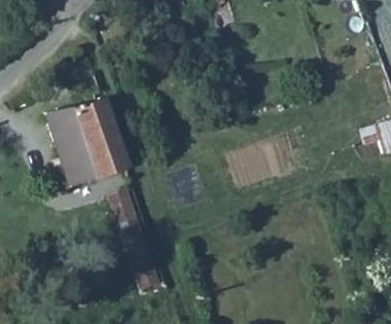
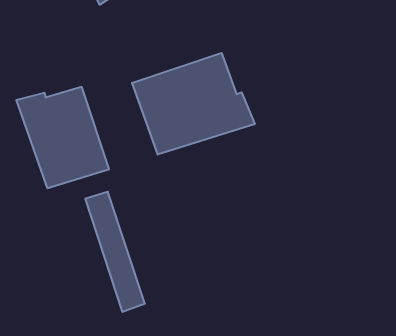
building: none -> [132,53,255,155]

